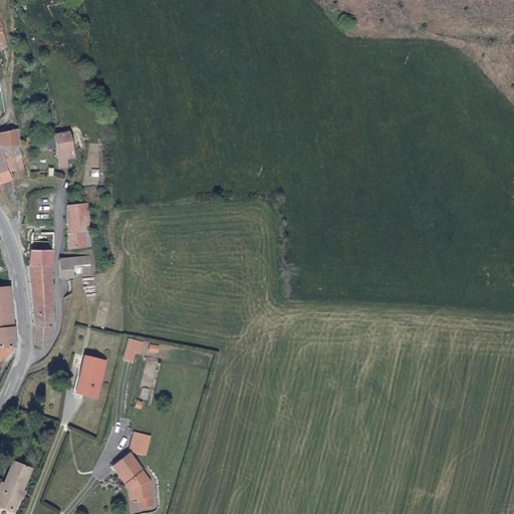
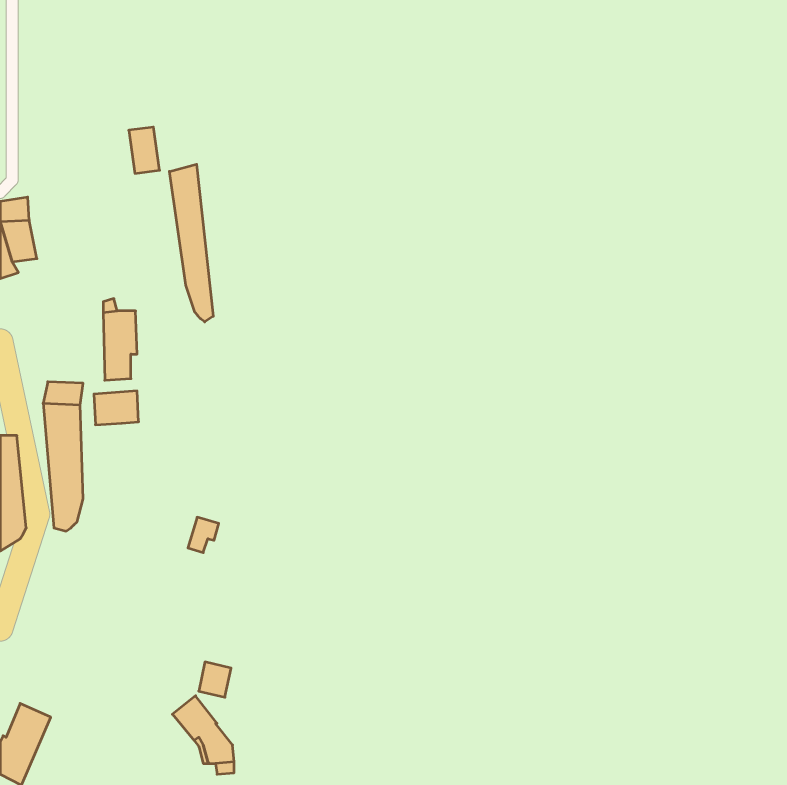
building: none -> [169,164,213,322]
building: [55,131,75,161] -> [129,127,160,173]
building: [76,356,105,397] -> none

